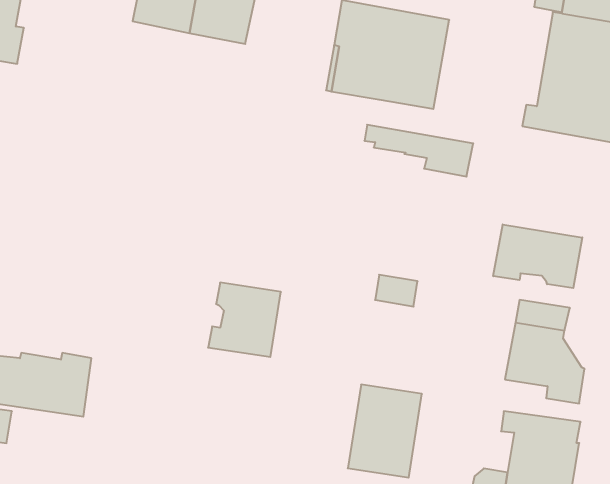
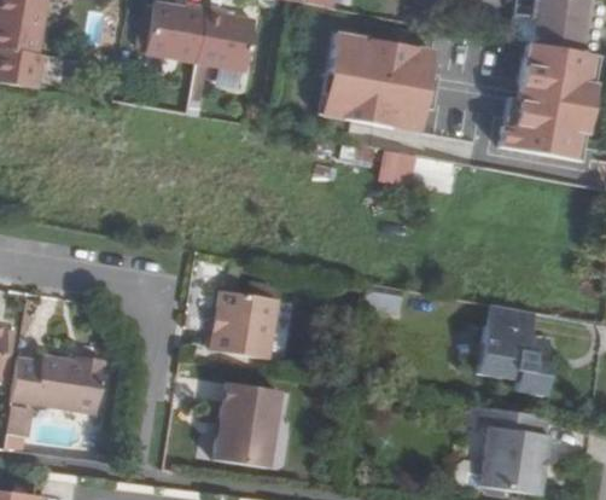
building: [493,224,582,288] -> none
building: [348,385,422,478] -> [211,383,279,467]

